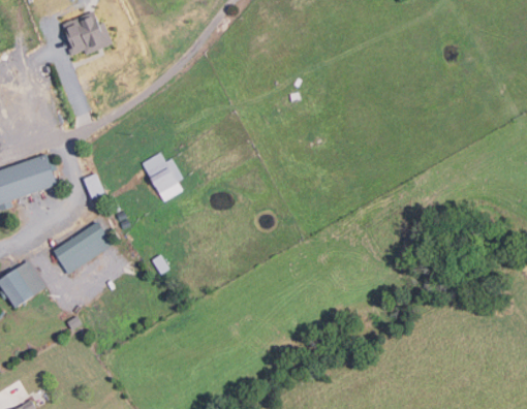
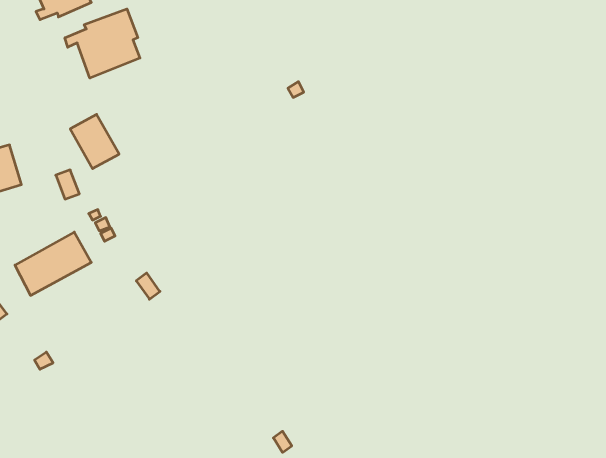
building: none -> [65,9,140,78]
building: [141,150,179,192] -> [70,114,119,169]

